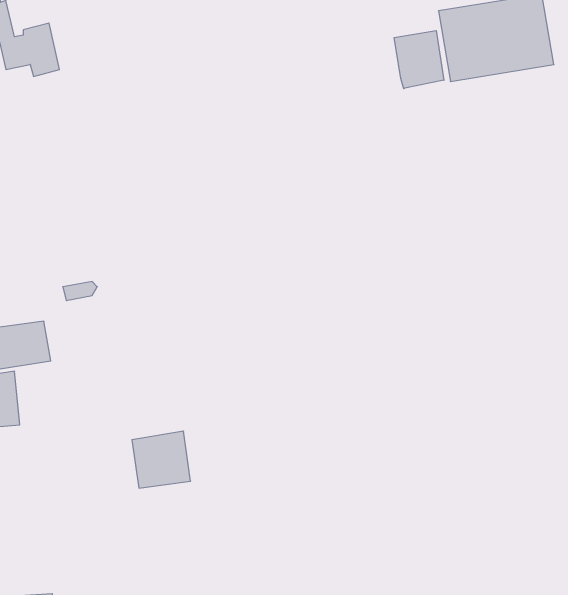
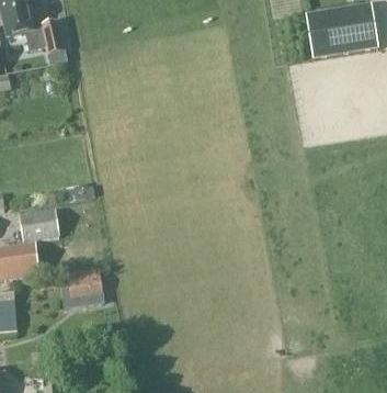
building: [394,31,444,89] -> none
building: [132,431,191,488] -> [65,266,102,302]

